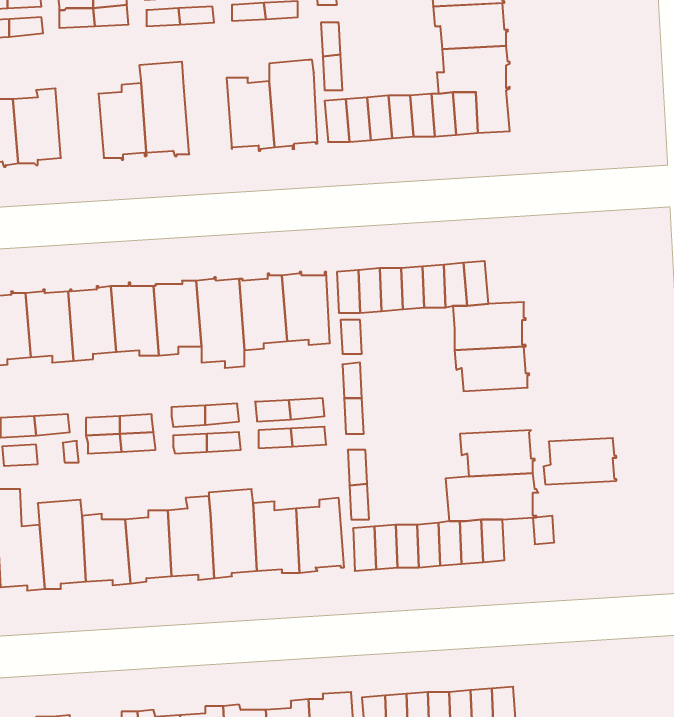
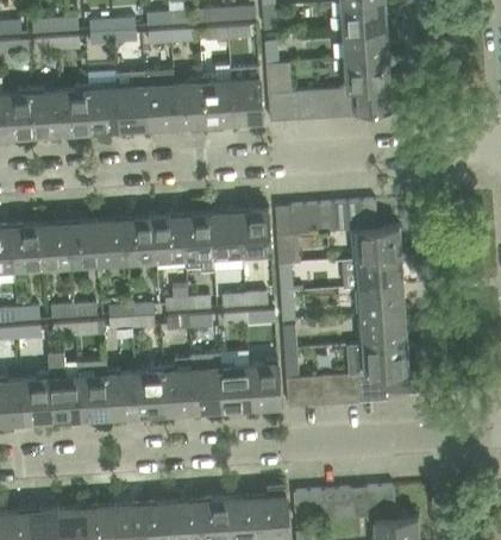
building: none -> [173,79,205,130]
building: none -> [87,84,119,134]
building: [543,438,616,484] -> [356,285,405,316]

